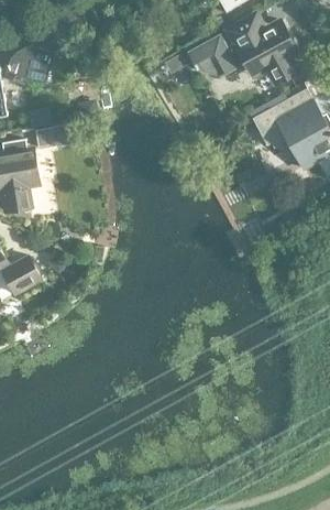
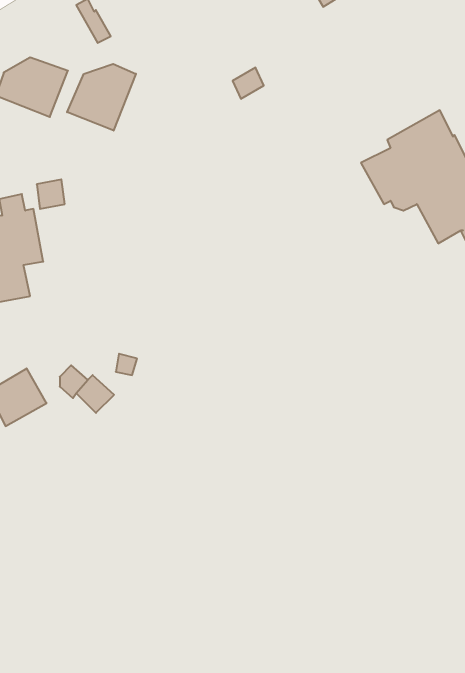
building: [188,14,298,80] -> none
building: none -> [67,64,136,131]

